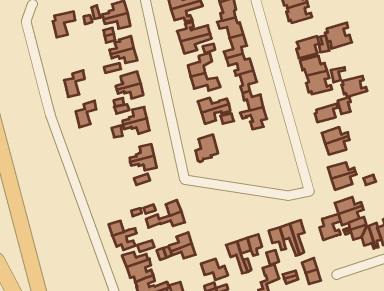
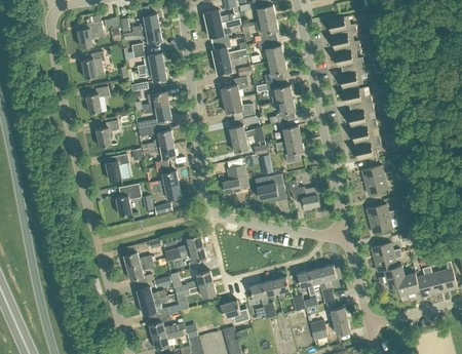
building: [325,23,352,48] -> [335,44,363,71]
building: none -> [81,52,104,79]
building: [341,76,367,97] -> [352,124,380,146]
building: none -> [105,154,128,182]
building: none -> [257,174,283,200]
building: none -> [287,181,319,209]
building: none -> [116,184,141,215]
building: [320,214,341,240] -> none

